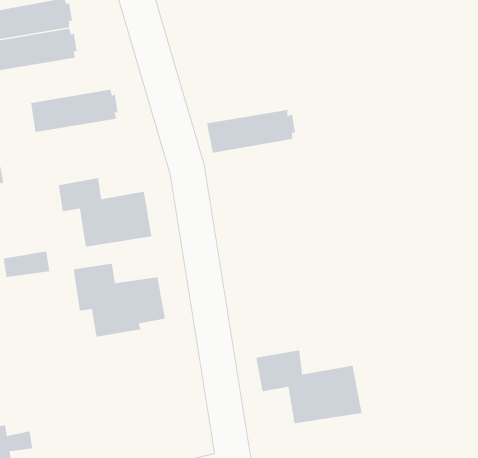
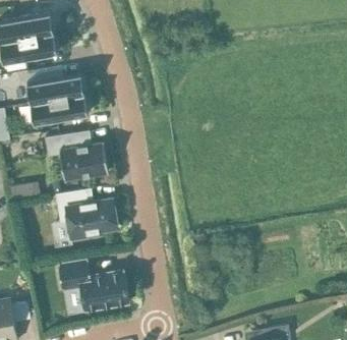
building: [206,109,296,153] -> [30,95,90,124]
building: [256,349,362,424] -> [58,261,129,310]

